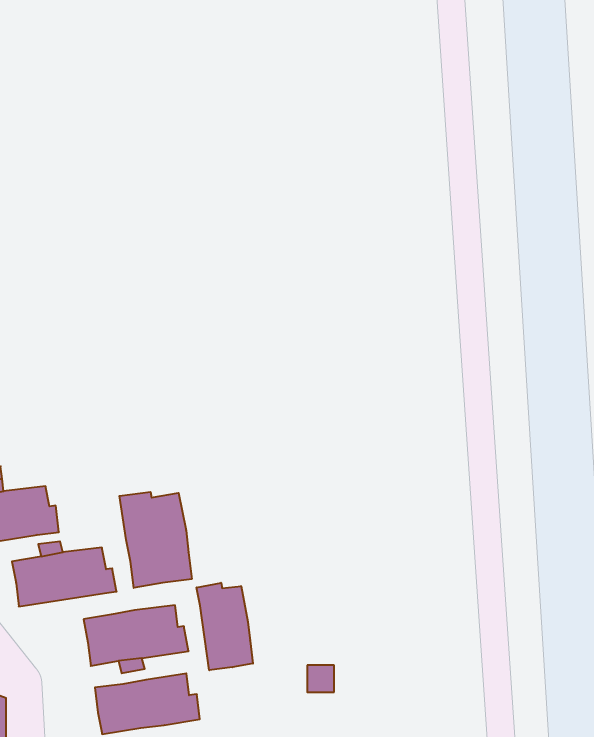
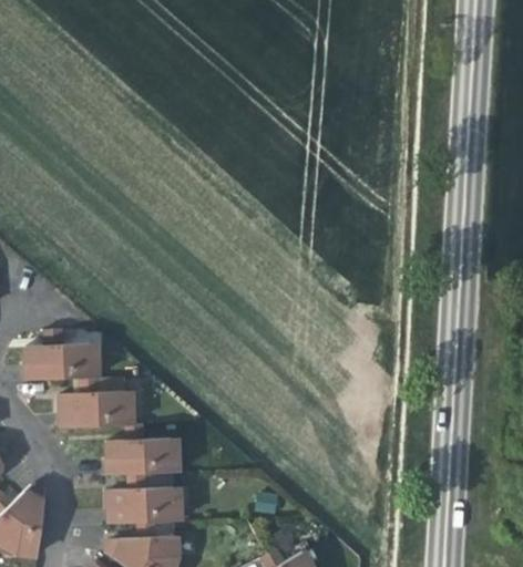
building: [119,492,192,588] -> none
building: [197,583,253,670] -> none

